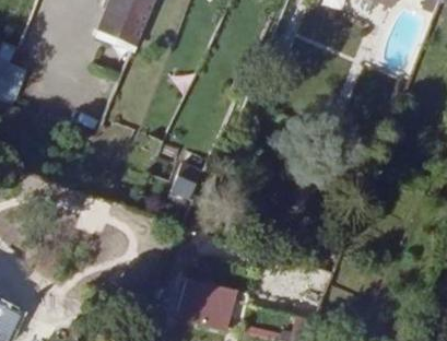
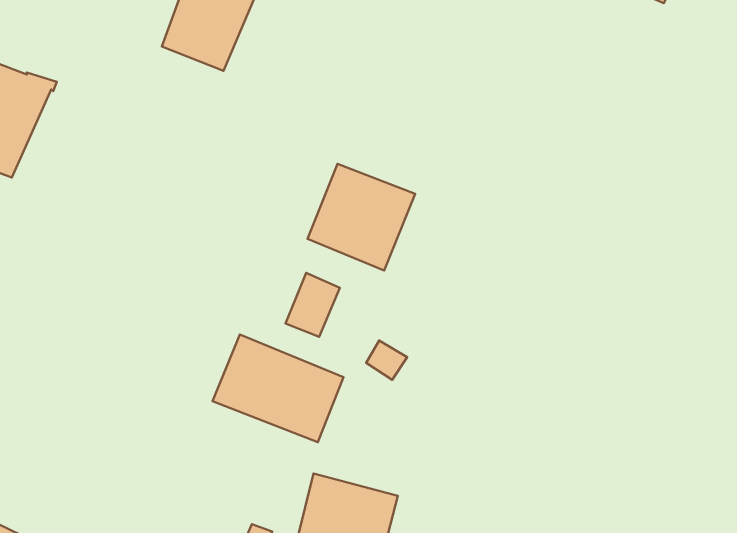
building: none -> [307,164,415,271]
building: none -> [213,334,344,442]

